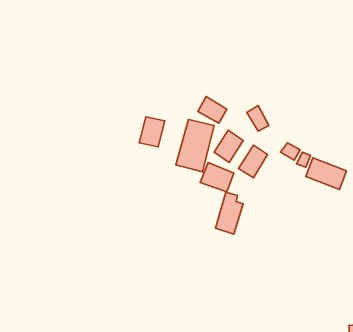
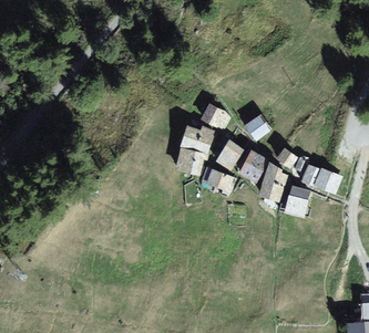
building: [139,117,165,147] -> none
building: none -> [287,185,309,216]
building: [215,192,243,234] -> [262,162,288,201]

